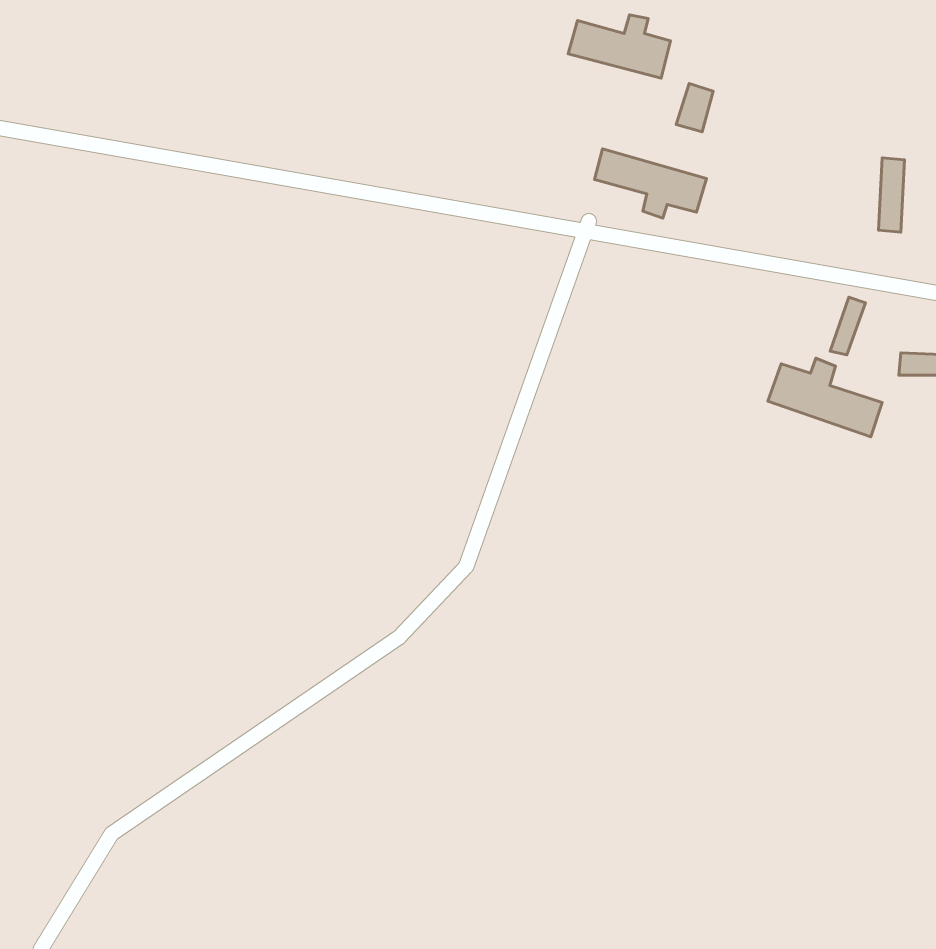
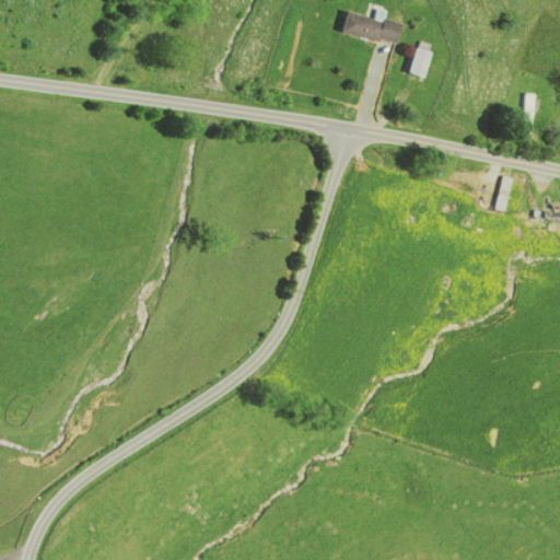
building: [594,149,707,218] -> none
building: [768,358,882,437] -> none

